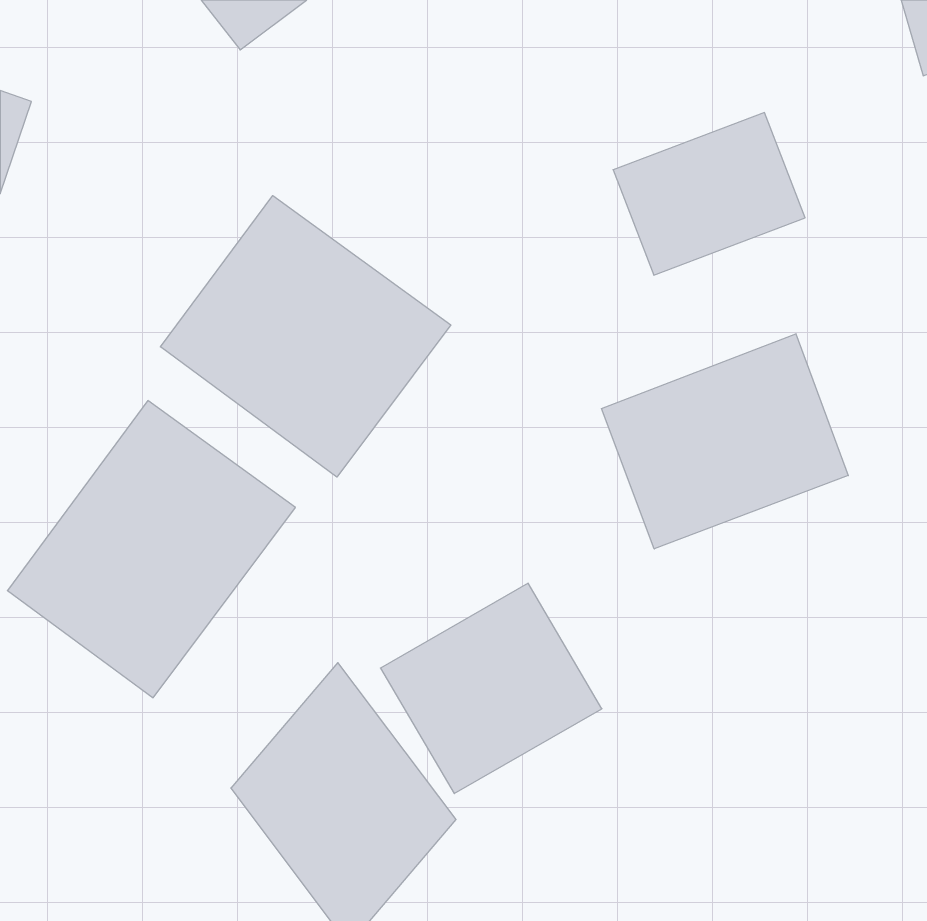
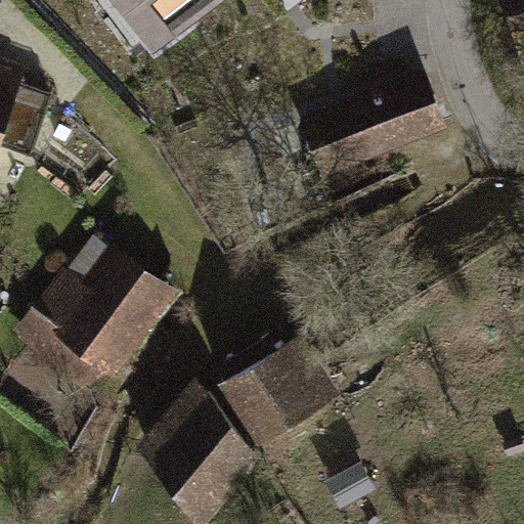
building: [160,196,451,477] -> none
building: [602,334,848,549] -> none

